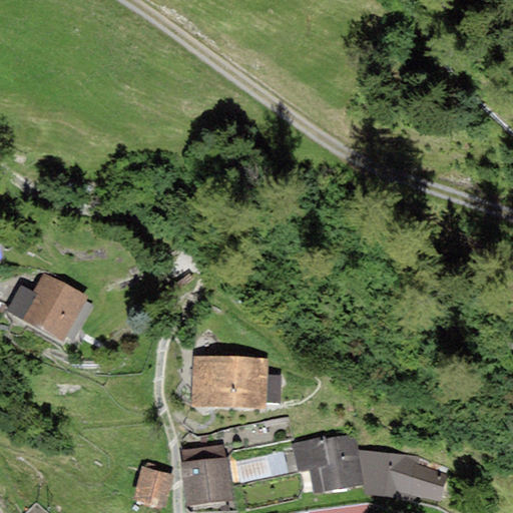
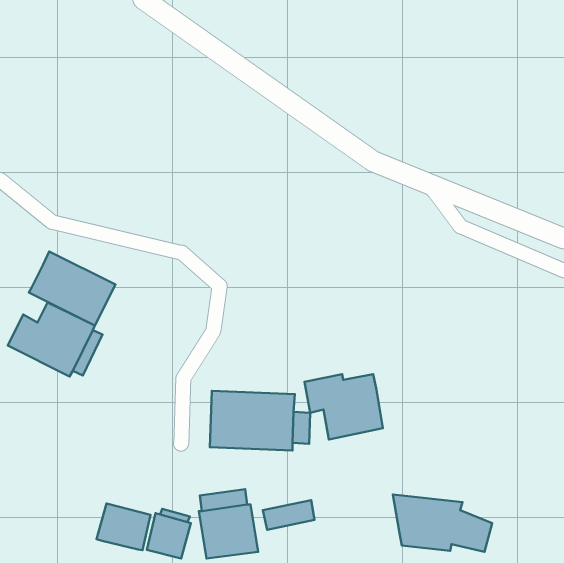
building: none -> [29,252,115,326]
building: [292,435,363,494] -> [305,374,383,439]
building: none -> [97,504,151,550]

